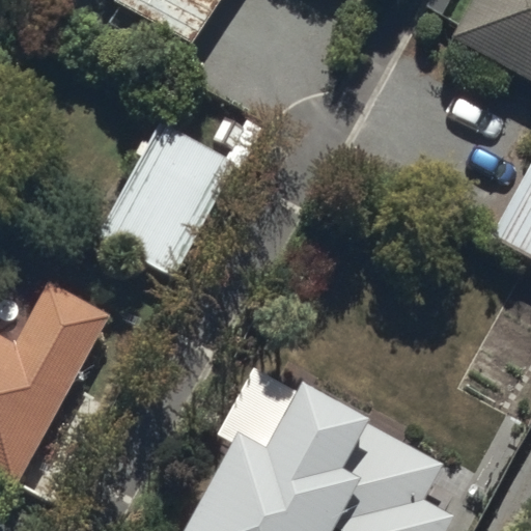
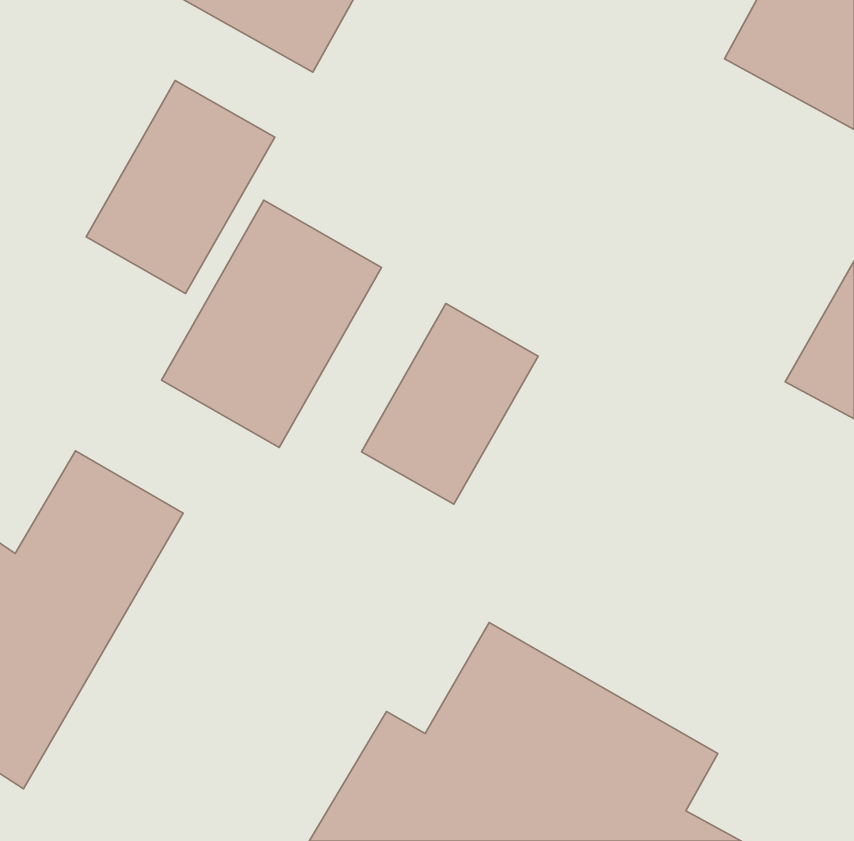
building: none -> [86,80,275,293]
building: none -> [362,304,538,504]

